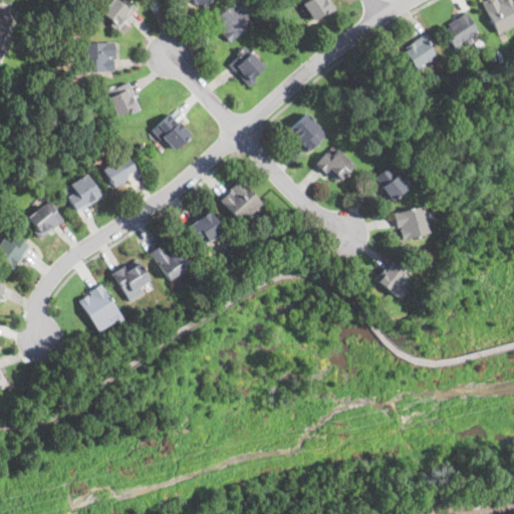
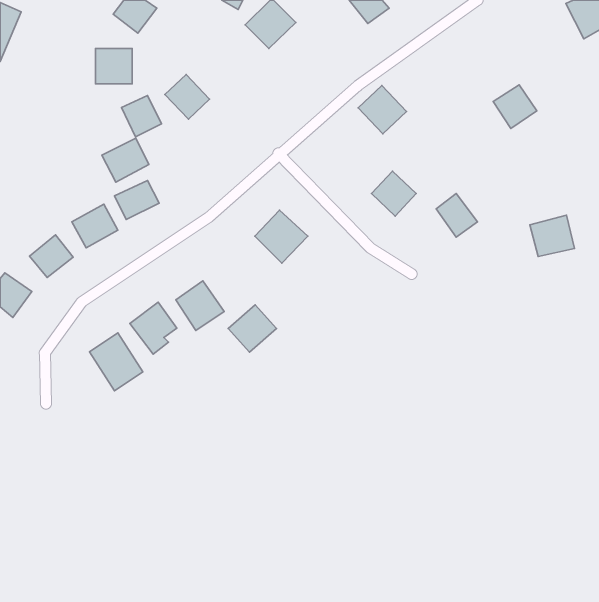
building: [444,11,481,47] -> none
building: [405,34,442,71] -> [493,85,537,129]
building: [229,46,269,86] -> none
building: [154,112,192,151] -> [165,74,210,119]
building: [287,113,328,155] -> [358,85,407,134]
building: none -> [102,138,149,182]
building: [396,205,434,240] -> [530,215,575,257]
building: [186,209,227,249] -> [228,305,277,352]
building: [378,263,412,296] -> none

